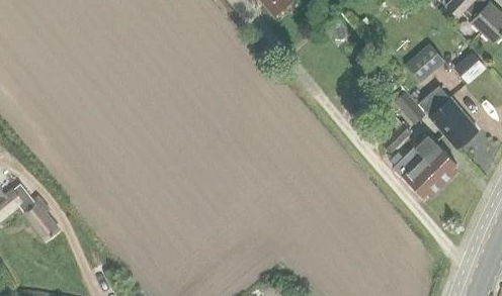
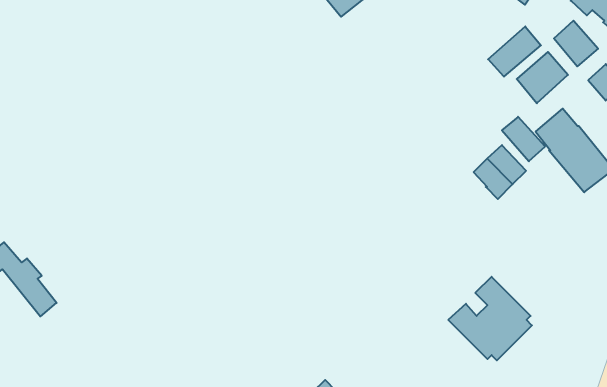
building: none -> [554,21,598,66]
building: none -> [488,26,541,77]
building: [395,135,457,198] -> [448,277,532,360]

